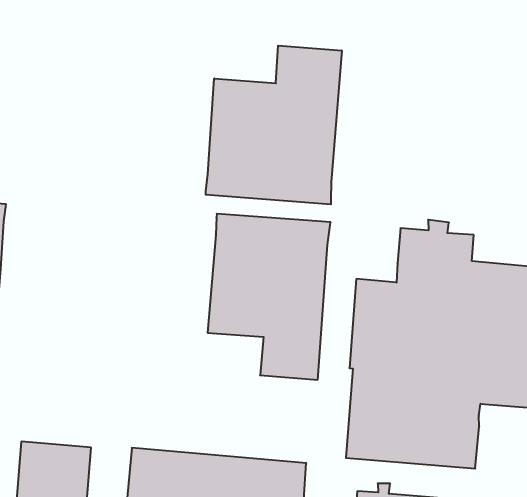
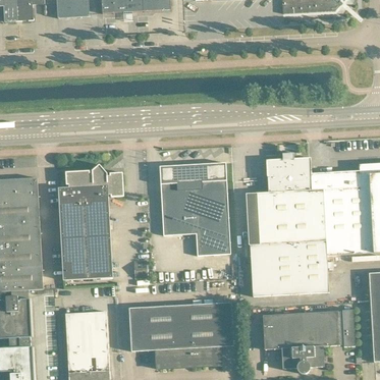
building: [206,46,342,204] -> none
building: none -> [57,164,123,280]

